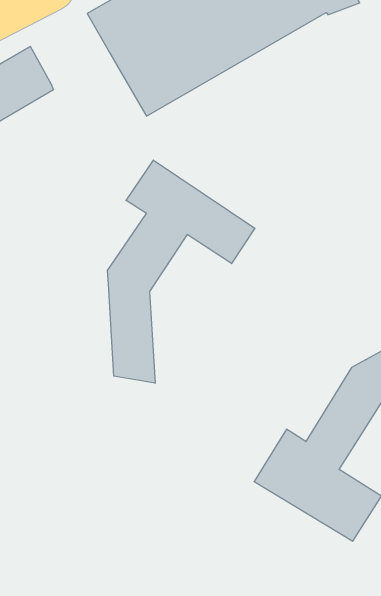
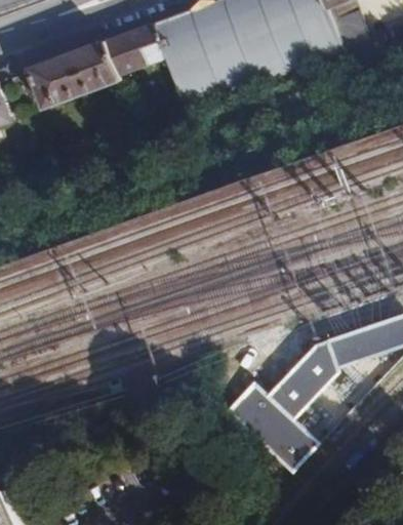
building: none -> [105,23,166,74]
building: [107,160,255,383] -> none

